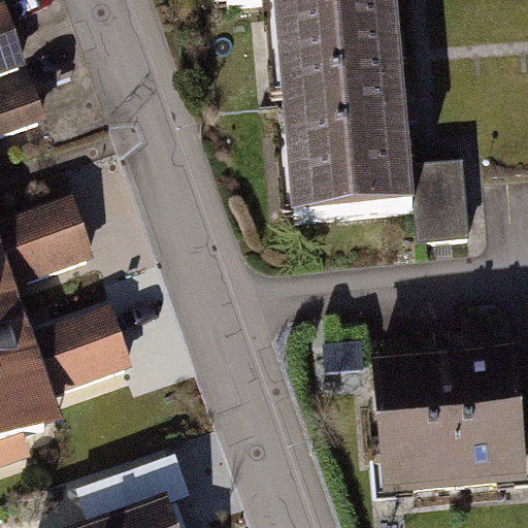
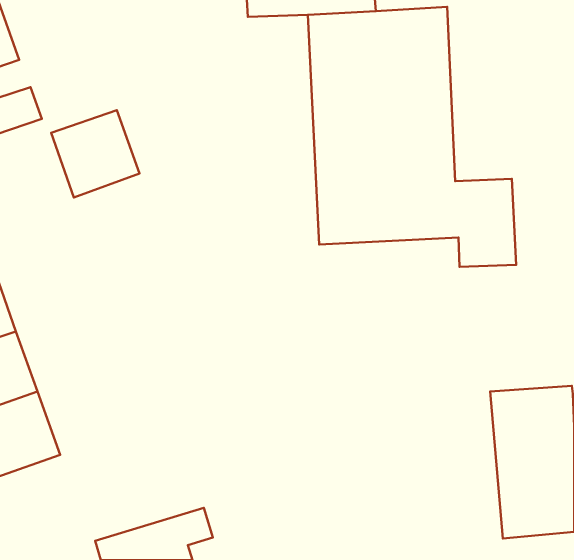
building: [5,190,86,269] -> [51,110,140,197]
building: [43,299,124,378] -> none
building: [375,357,458,496] -> none

